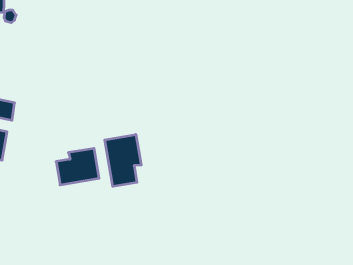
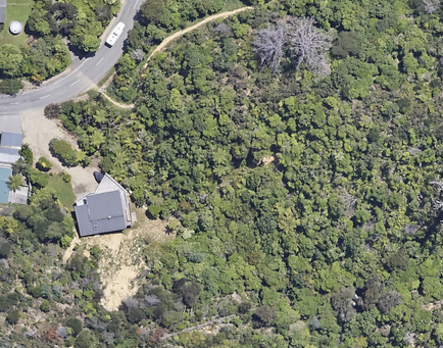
building: [105,134,141,186] -> none

